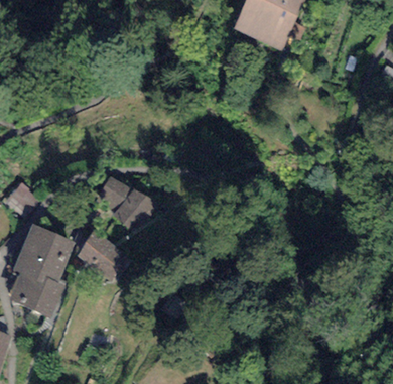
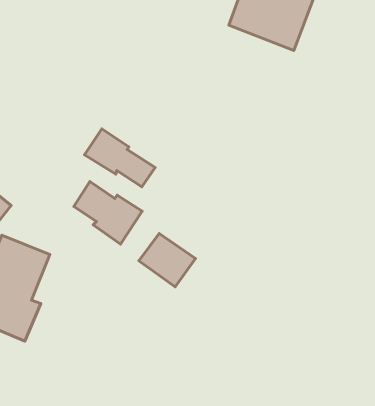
building: none -> [85,129,155,187]
building: [76,231,126,278] -> [139,233,196,287]

